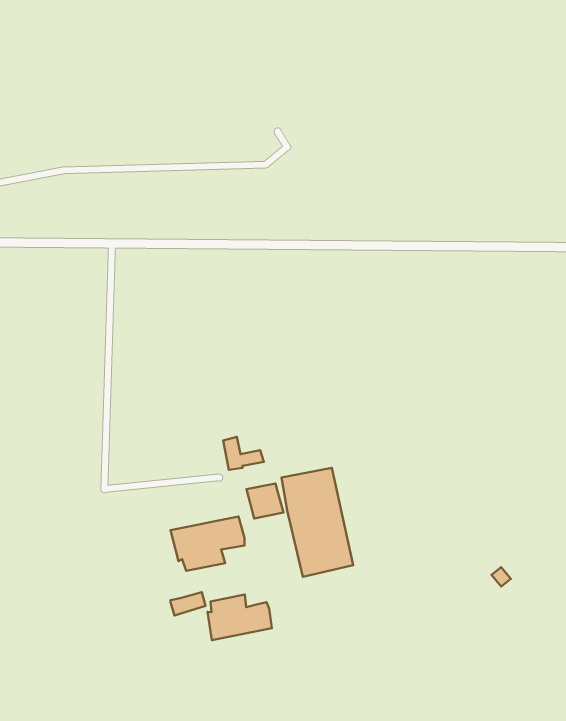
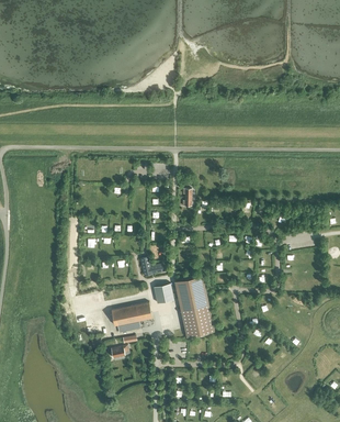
building: [208,595,272,640] -> none

